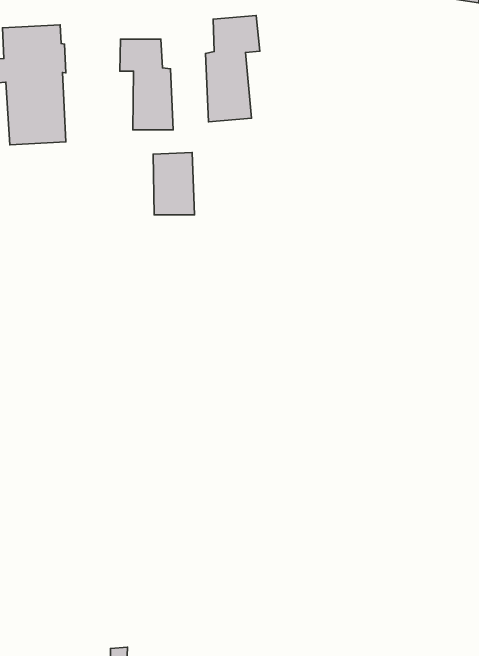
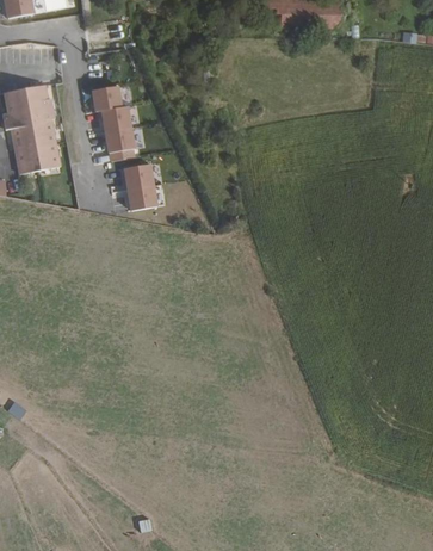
building: [206,16,260,122] -> none

